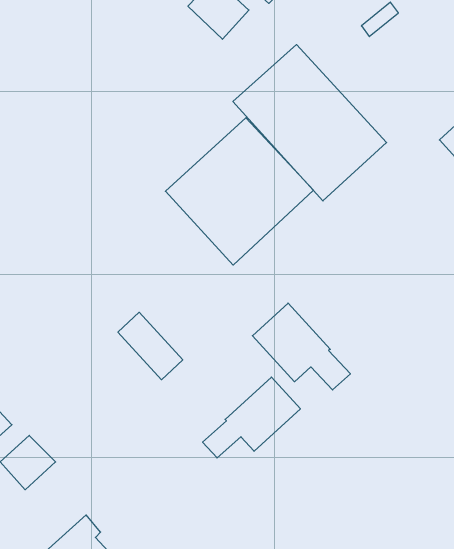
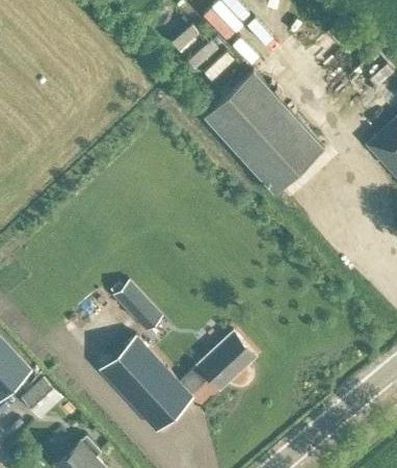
building: [165,118,313,265] -> none
building: [252,303,350,390] -> none
building: none -> [99,336,192,431]

